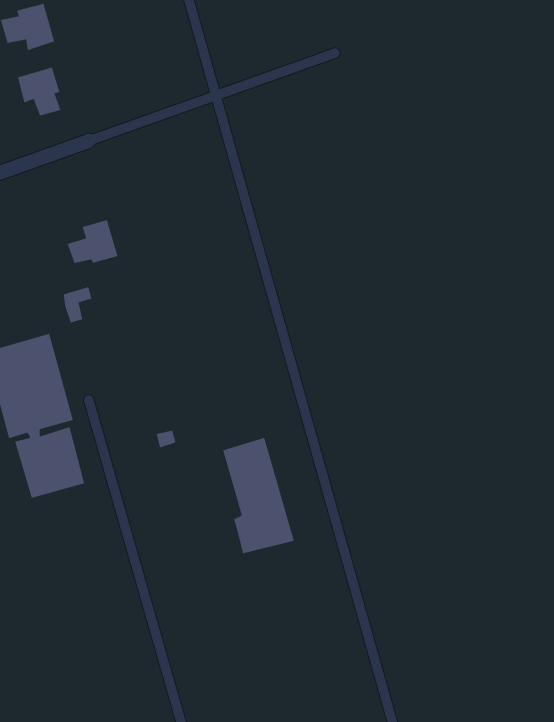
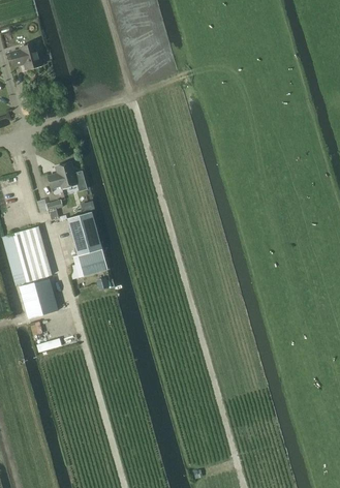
building: [17,67,62,116] -> none
building: [222,437,295,554] -> [67,211,107,276]

